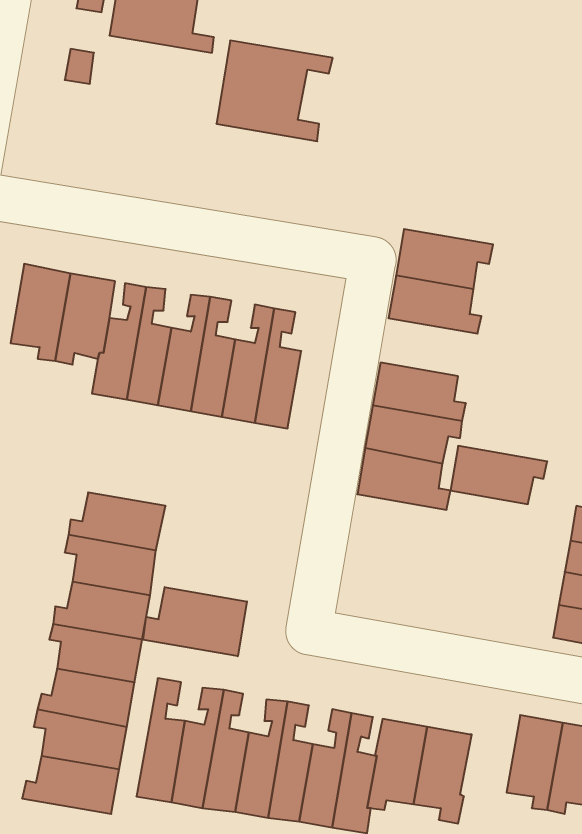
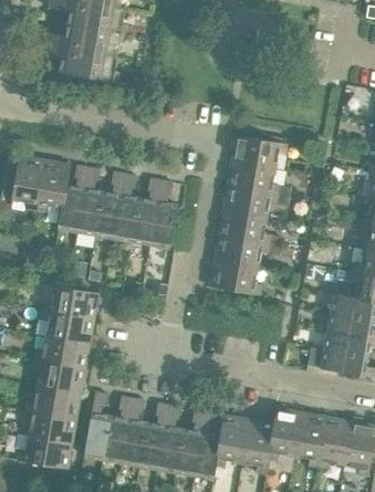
building: [216,41,333,141] -> [59,23,125,81]
building: [450,446,547,504] -> [221,185,277,218]
building: [143,587,247,656] -> none
building: none -> [267,407,301,459]

